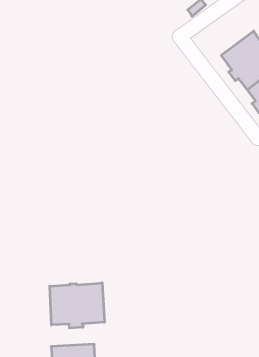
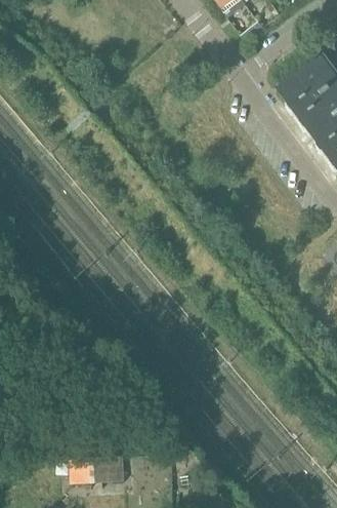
building: [50,283,104,328] -> none

